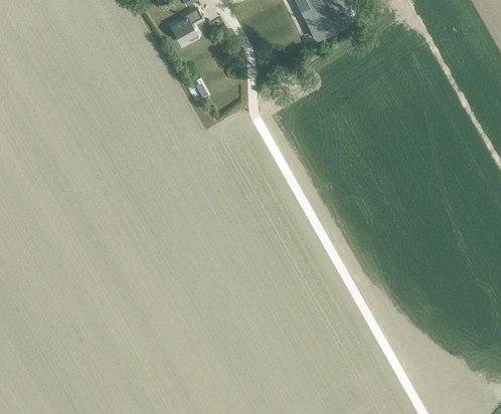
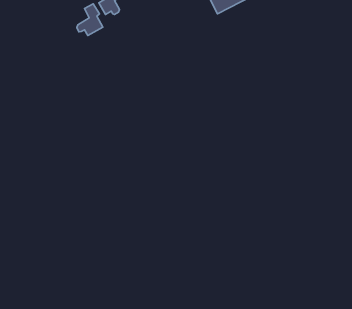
building: none -> [77,4,103,36]

